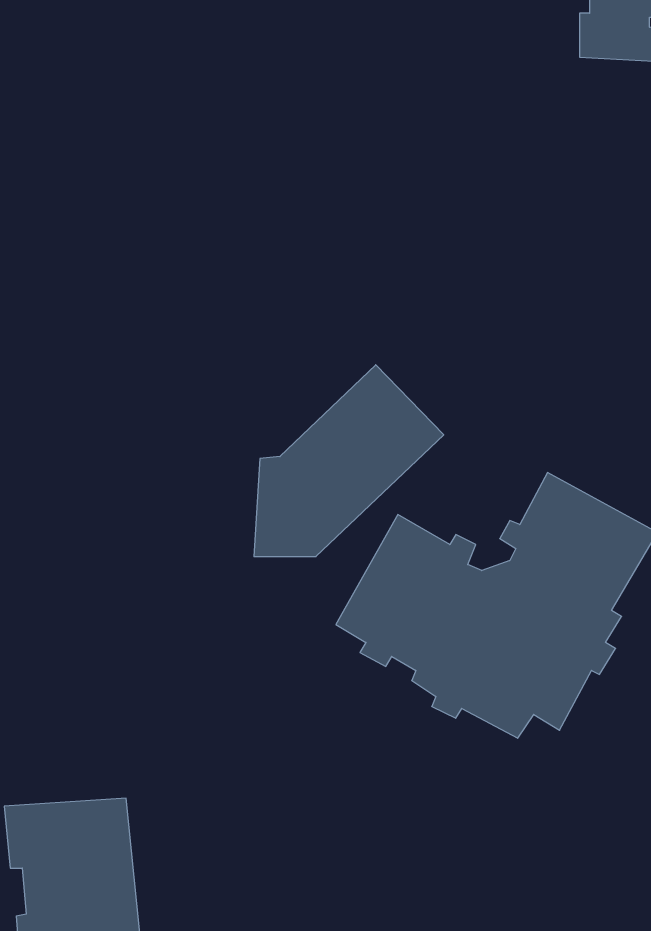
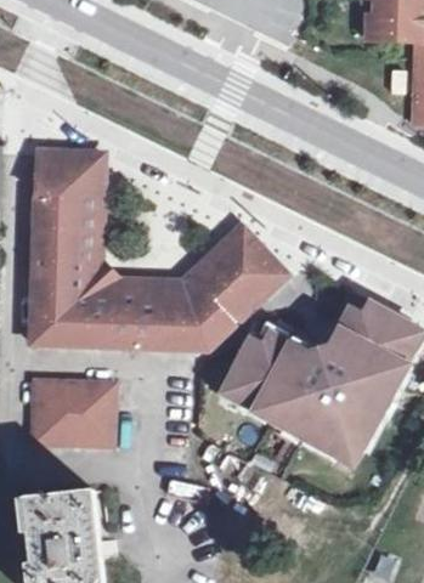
building: none -> [33,151,165,345]
building: none -> [32,378,115,442]

